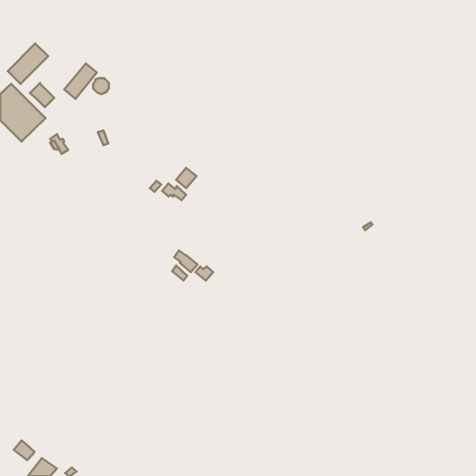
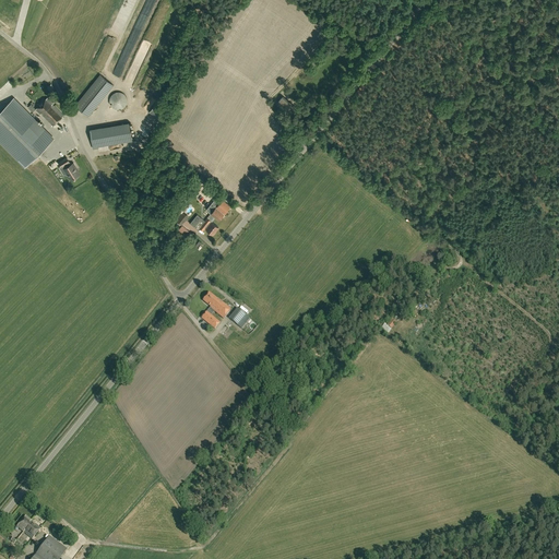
building: [8,43,48,84] -> none
building: none -> [91,123,132,147]

